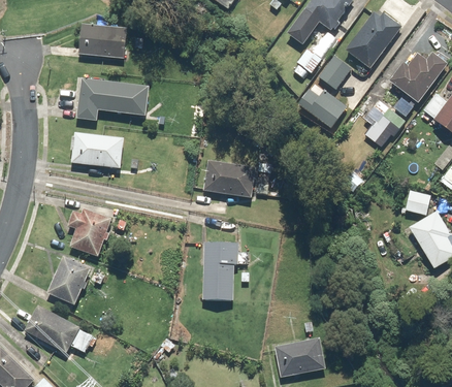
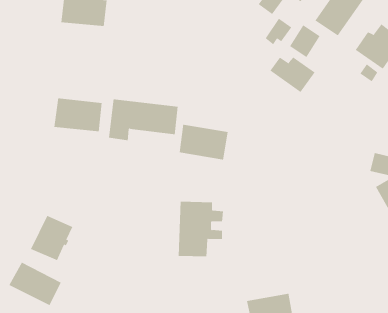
building: [74,77,149,122] -> [108,99,178,141]
building: [365,106,405,148] -> none
building: [68,207,110,256] -> none

